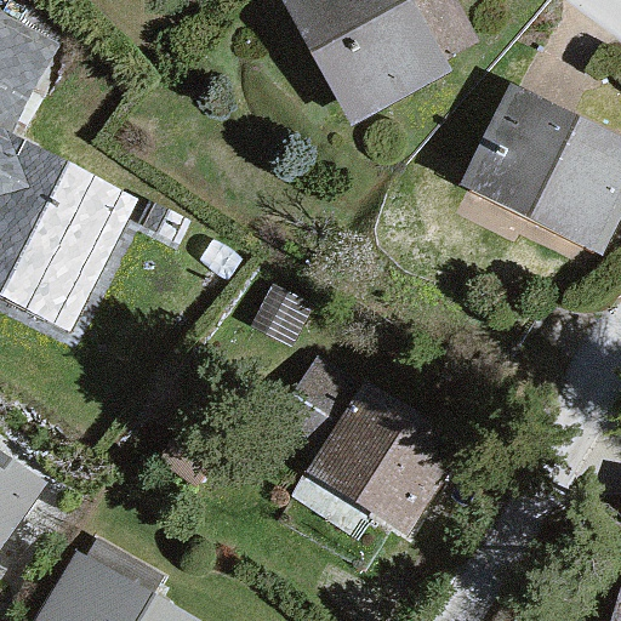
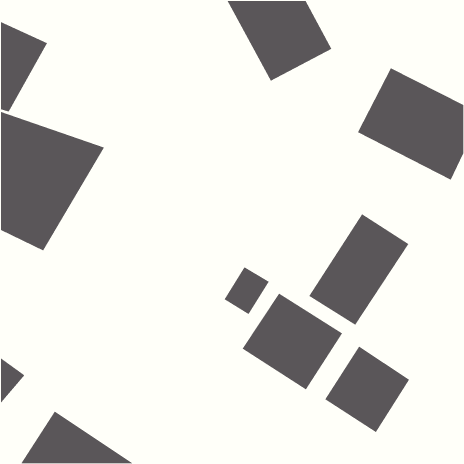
building: none -> [308,213,409,326]
building: none -> [324,345,410,433]

